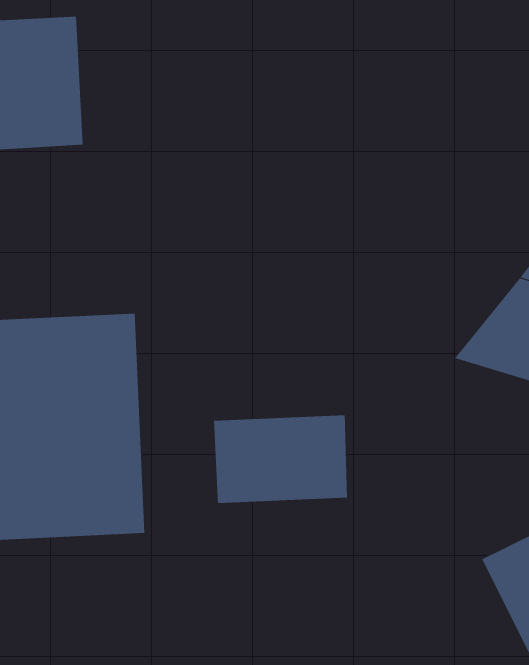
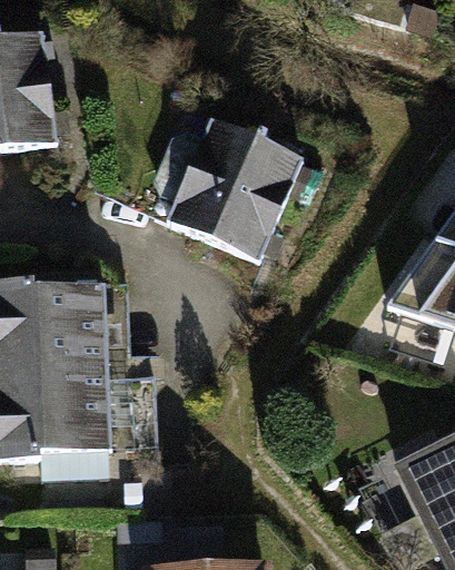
building: none -> [168,118,303,266]
building: [214,415,348,504] -> none

